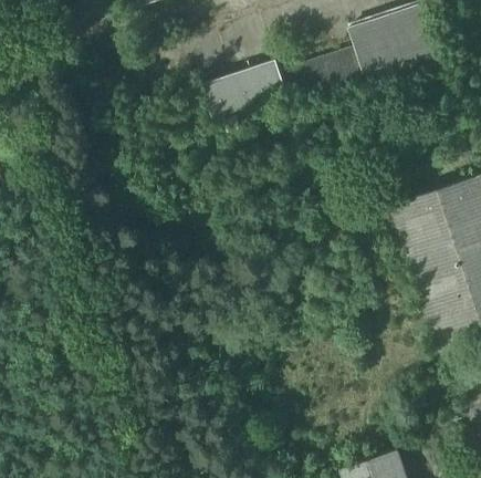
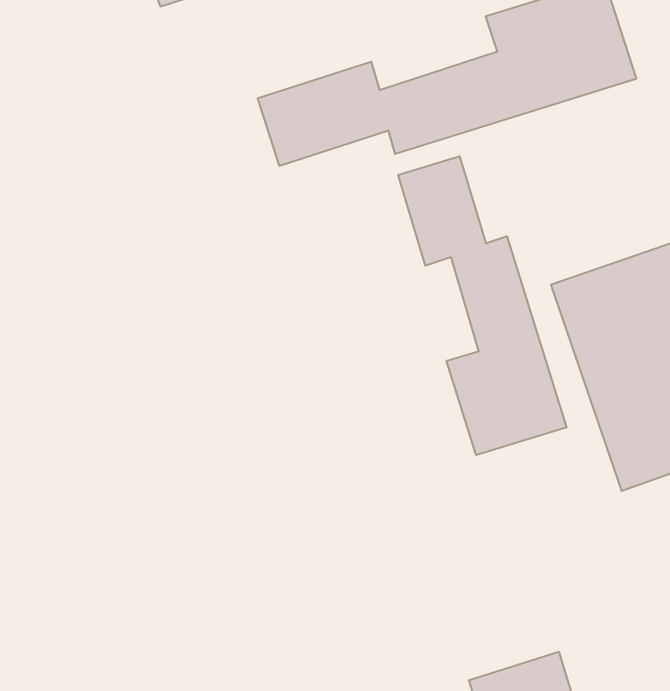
building: none -> [398,156,567,455]

